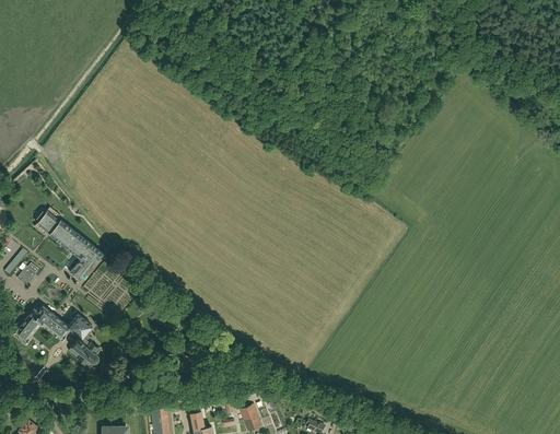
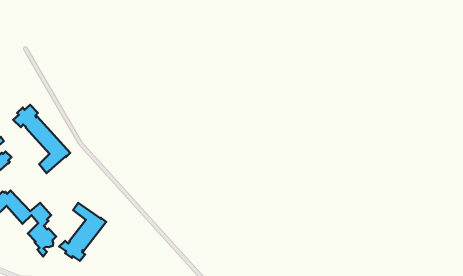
building: none -> [59,203,106,261]

